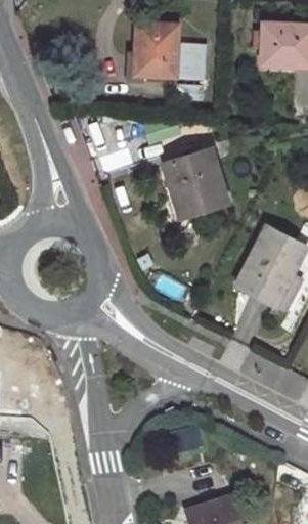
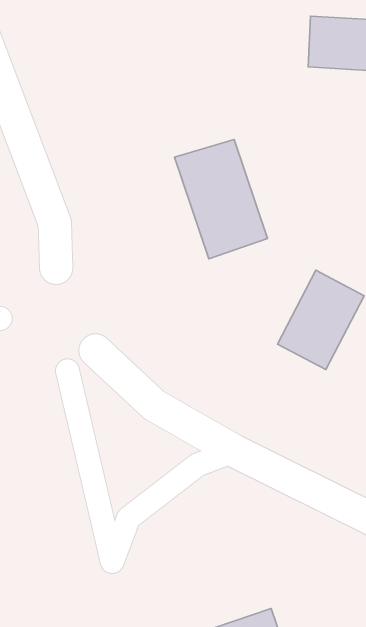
building: [135,21,204,99] -> none

